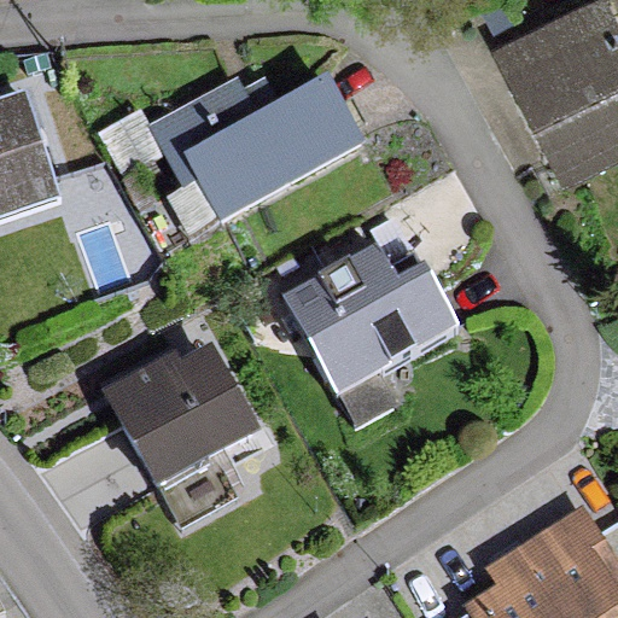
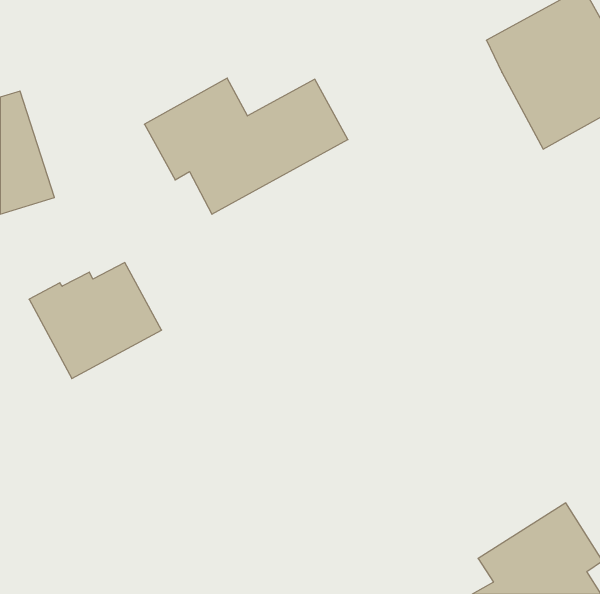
building: [285,247,454,381] -> none
building: [113,361,249,479] -> [29,263,162,379]

